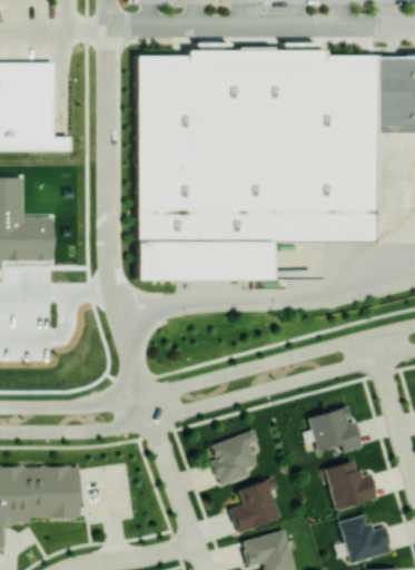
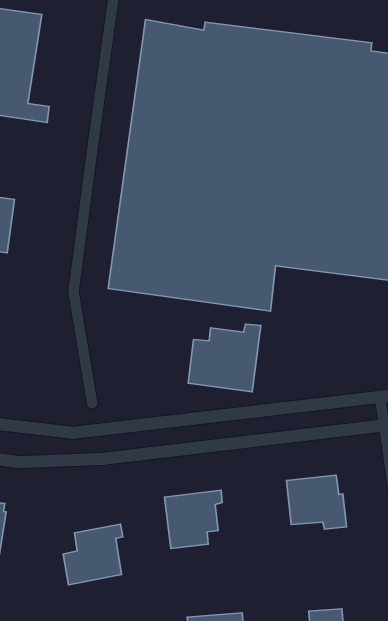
building: none -> [188,324,261,392]
building: [325,461,377,510] -> none
building: [230,478,280,533] -> [63,524,123,585]

